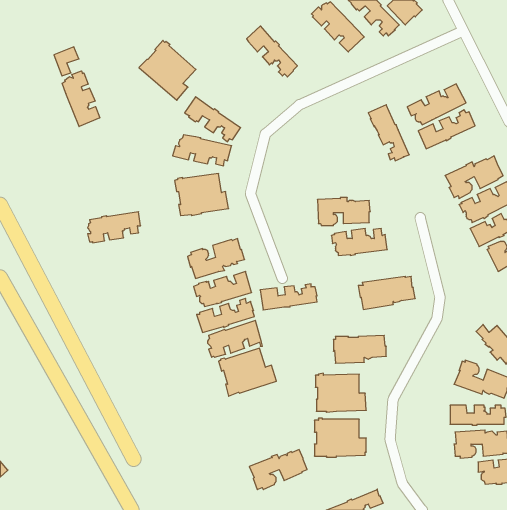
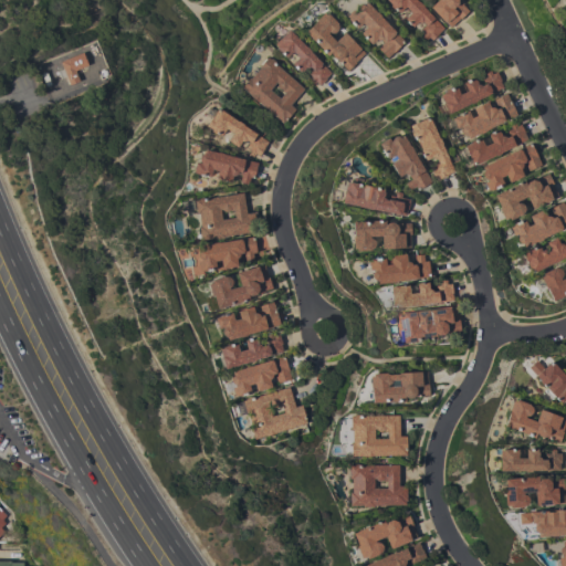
building: none -> [307,12,367,71]
building: [139,40,196,100] -> [243,56,306,123]
building: none -> [442,70,505,113]
building: [62,71,100,127] -> none
building: none -> [381,135,433,190]
building: none -> [484,143,544,190]
building: none -> [345,177,412,216]
building: [88,212,141,243] -> [200,237,259,271]
building: [260,284,317,310] -> [392,280,455,308]
building: [249,450,307,490] -> [355,514,419,558]

